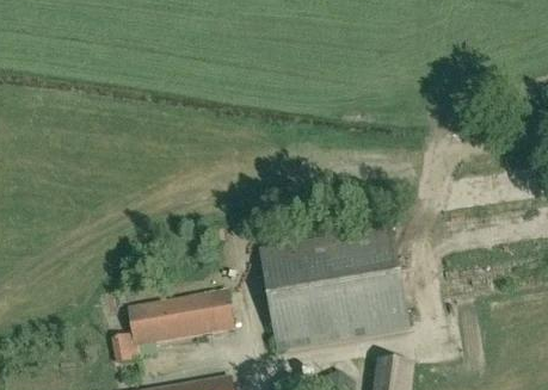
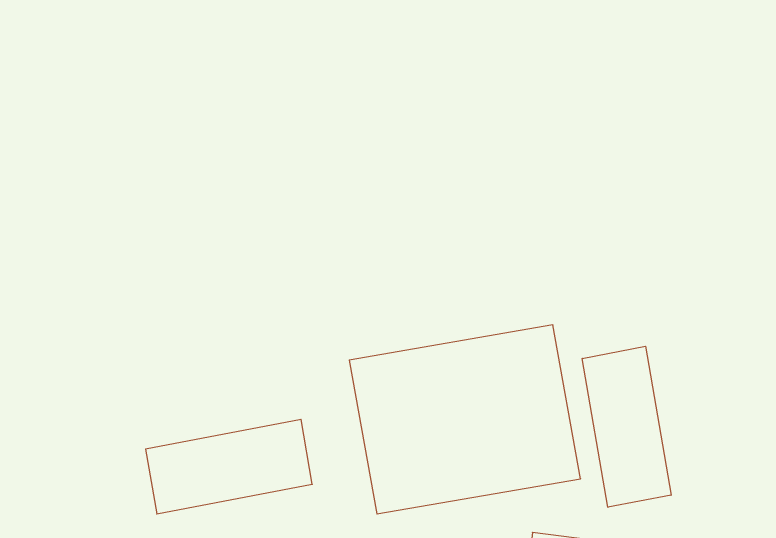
building: none -> [582,346,671,507]

